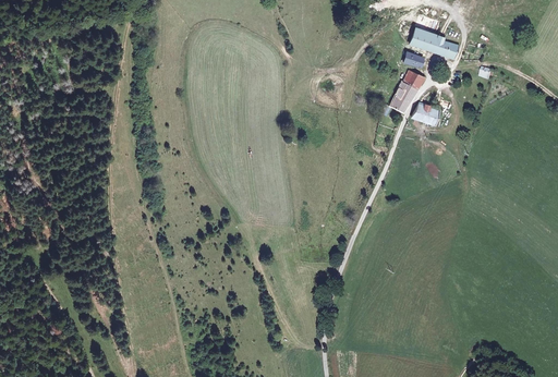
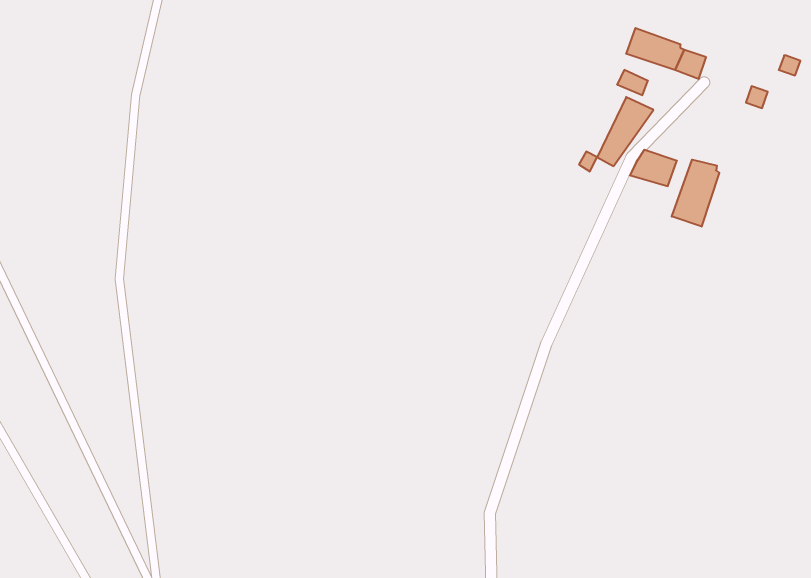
building: none -> [672,160,719,227]

